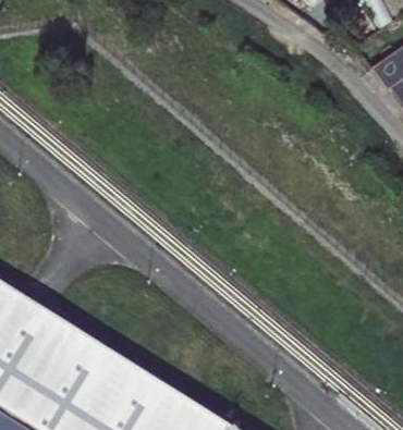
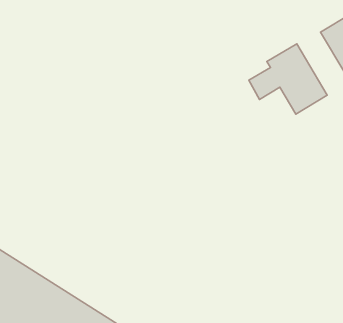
building: none -> [249,44,327,114]

